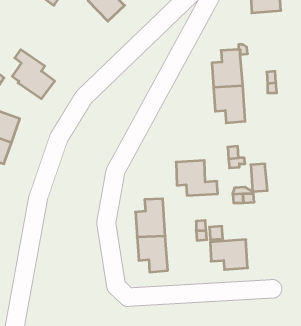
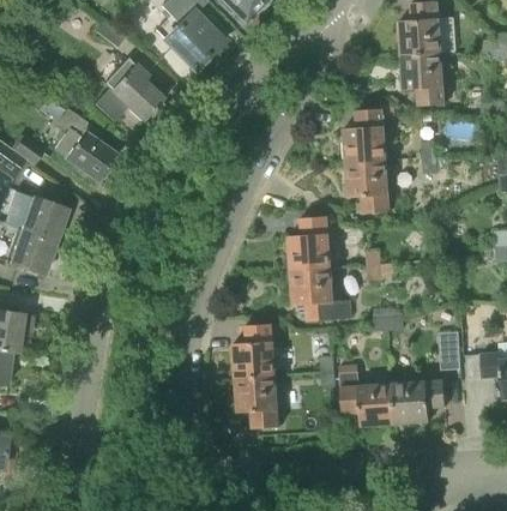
building: none -> [400,53,446,106]
building: none -> [97,64,163,120]
building: none -> [289,216,332,271]
building: [251,164,267,191] -> [439,329,463,368]
building: none -> [392,378,446,423]

